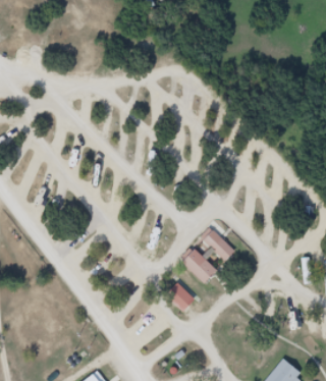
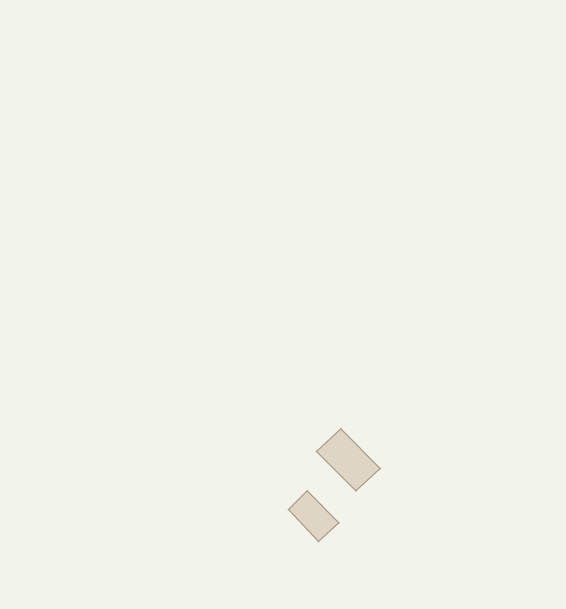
building: [203,230,234,262] -> none

